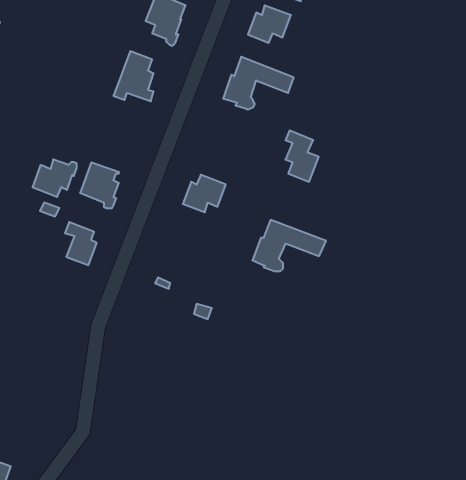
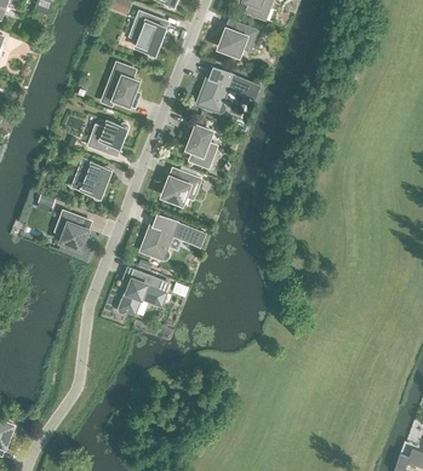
building: [285,130,319,182] -> [187,122,216,167]
building: [32,159,77,197] -> [88,120,127,153]
building: [252,220,326,271] -> [142,214,206,259]
building: none -> [118,271,168,312]

